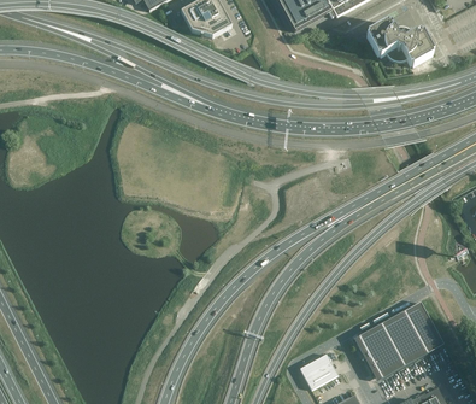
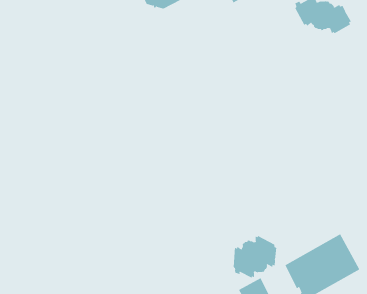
building: none -> [233,235,277,278]

